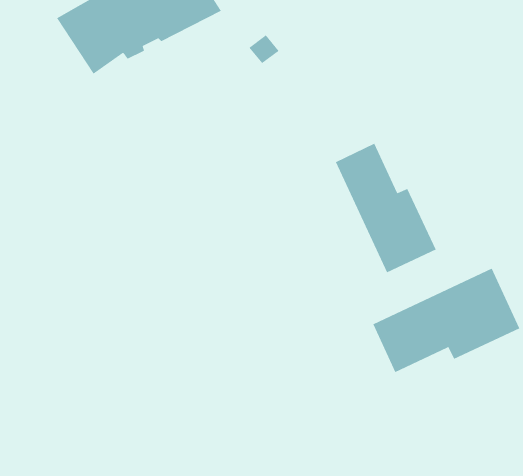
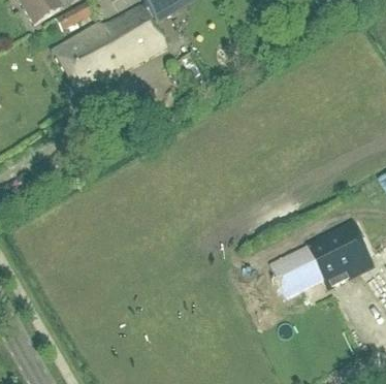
building: [335,143,436,273] -> none

